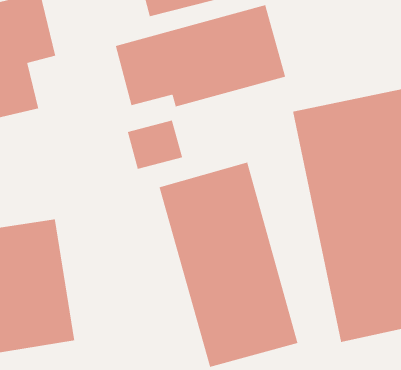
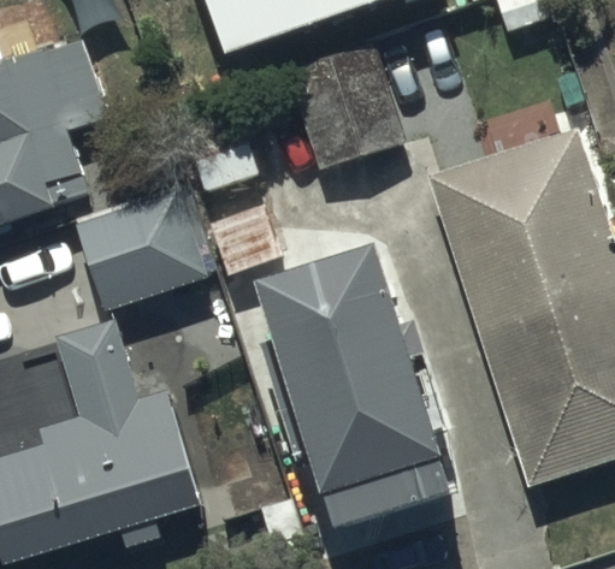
building: none -> [69,177,208,307]

